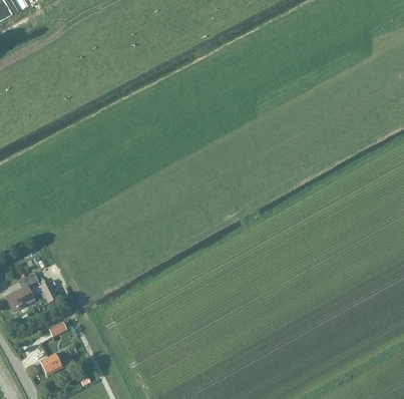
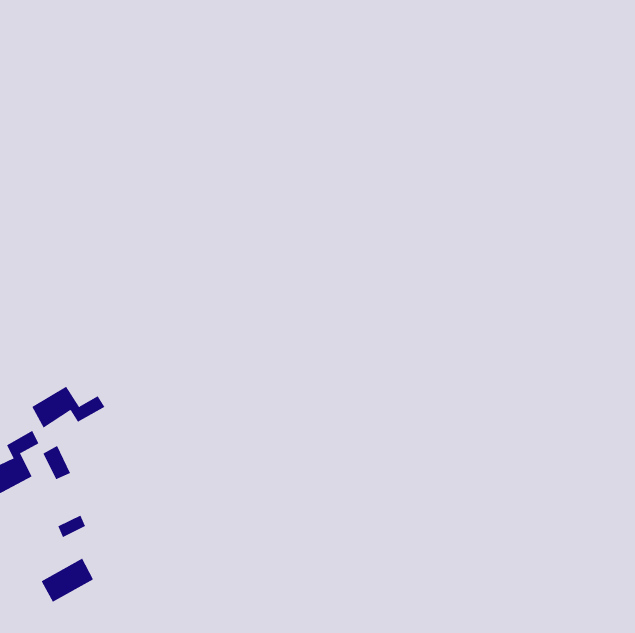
building: none -> [32,386,105,428]

